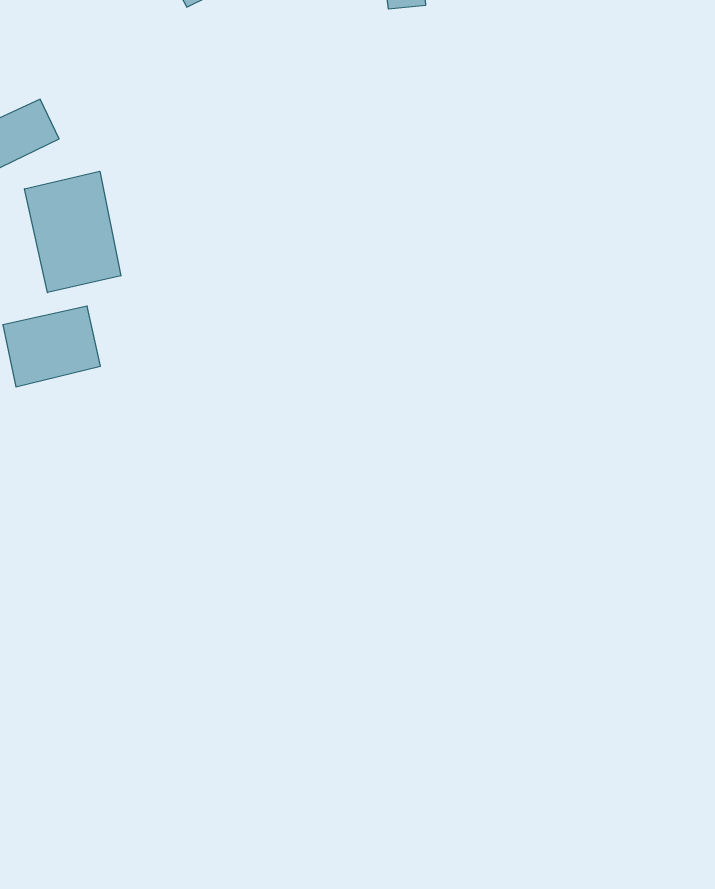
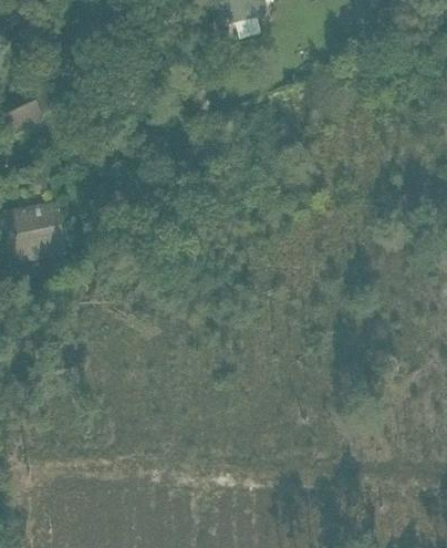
building: [25,171,121,293] -> none

